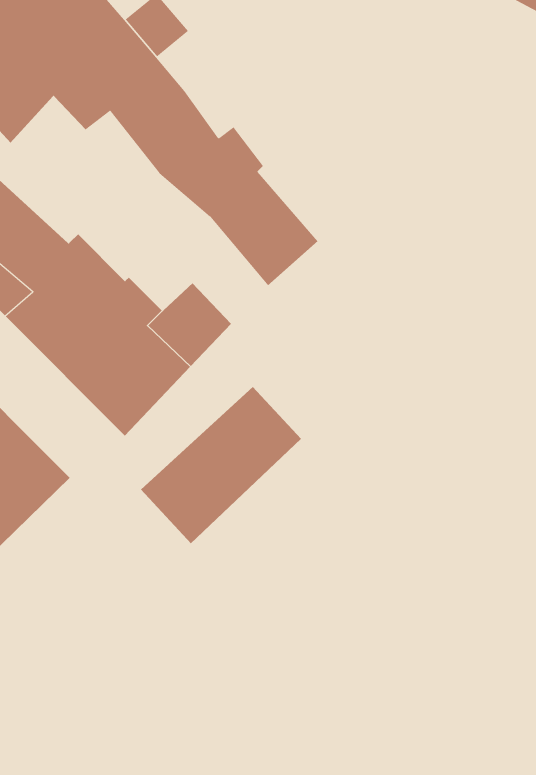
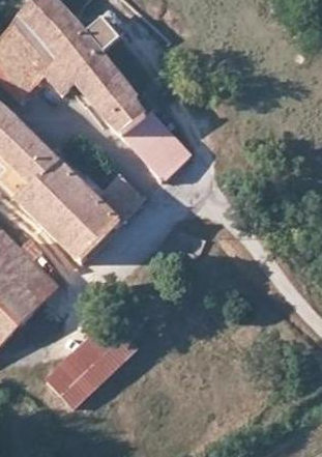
building: [140,386,302,544] -> [47,321,136,408]

